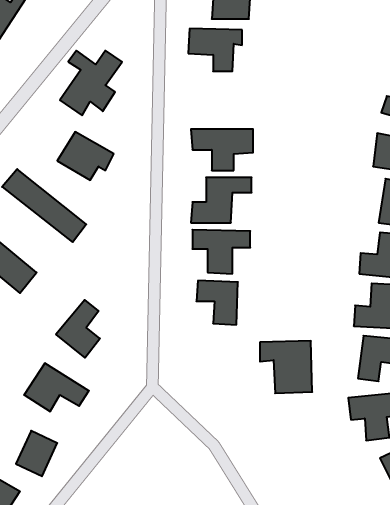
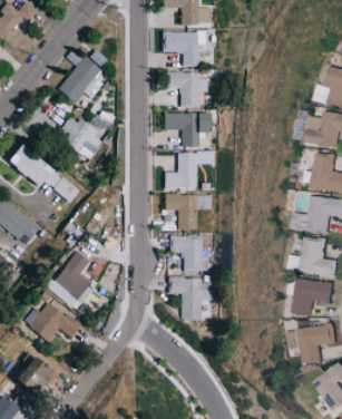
building: none -> [168,71,209,106]
building: [260,341,312,393] -> [168,277,211,320]

